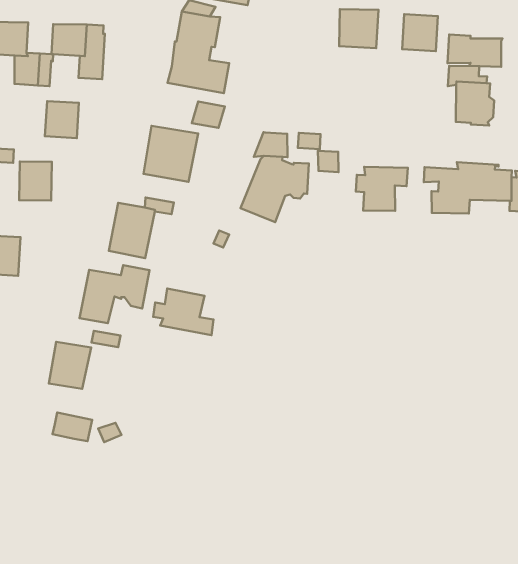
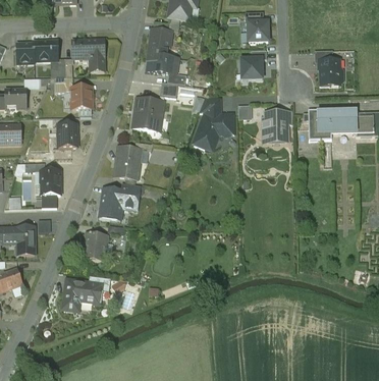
building: [402,14,438,51] -> [242,55,263,76]
building: [448,35,502,67] -> none
building: [153,288,213,335] -> none
building: none -> [62,280,100,310]

